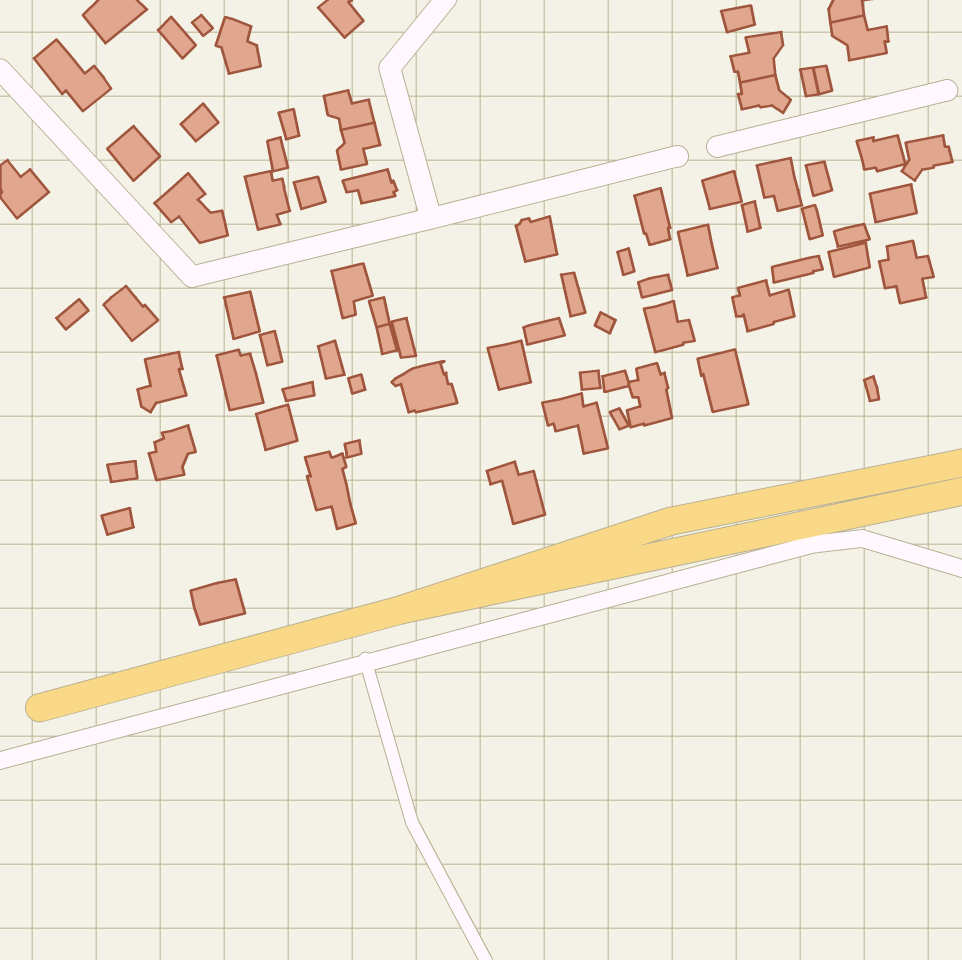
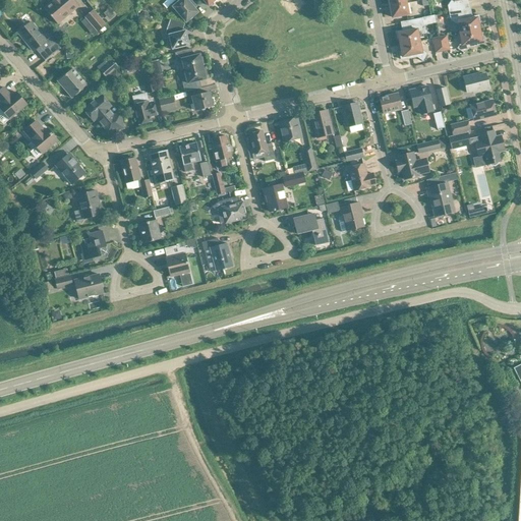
building: [216,17,261,74] -> [165,18,189,49]
building: [902,135,953,181] -> [457,28,484,53]
building: none -> [24,120,57,159]
building: [678,225,718,276] -> [311,110,333,137]
building: none -> [249,130,276,161]
building: none -> [212,135,231,167]
building: [698,350,748,412] -> [426,182,454,216]
building: [216,350,263,410] -> [149,151,174,183]
building: [487,462,545,524] -> [201,237,233,271]
building: [191,579,245,625] -> [74,274,104,298]

